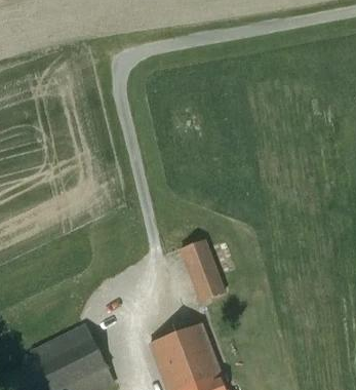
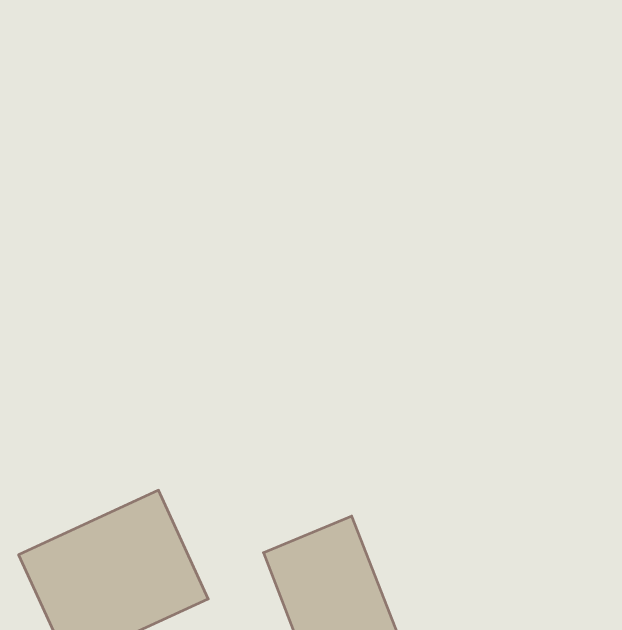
building: [180,240,224,302] -> none

